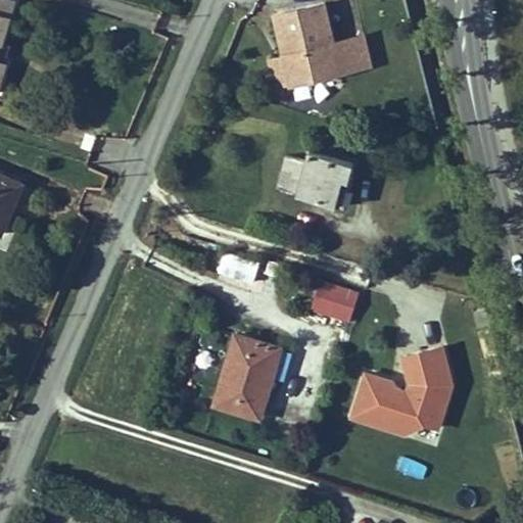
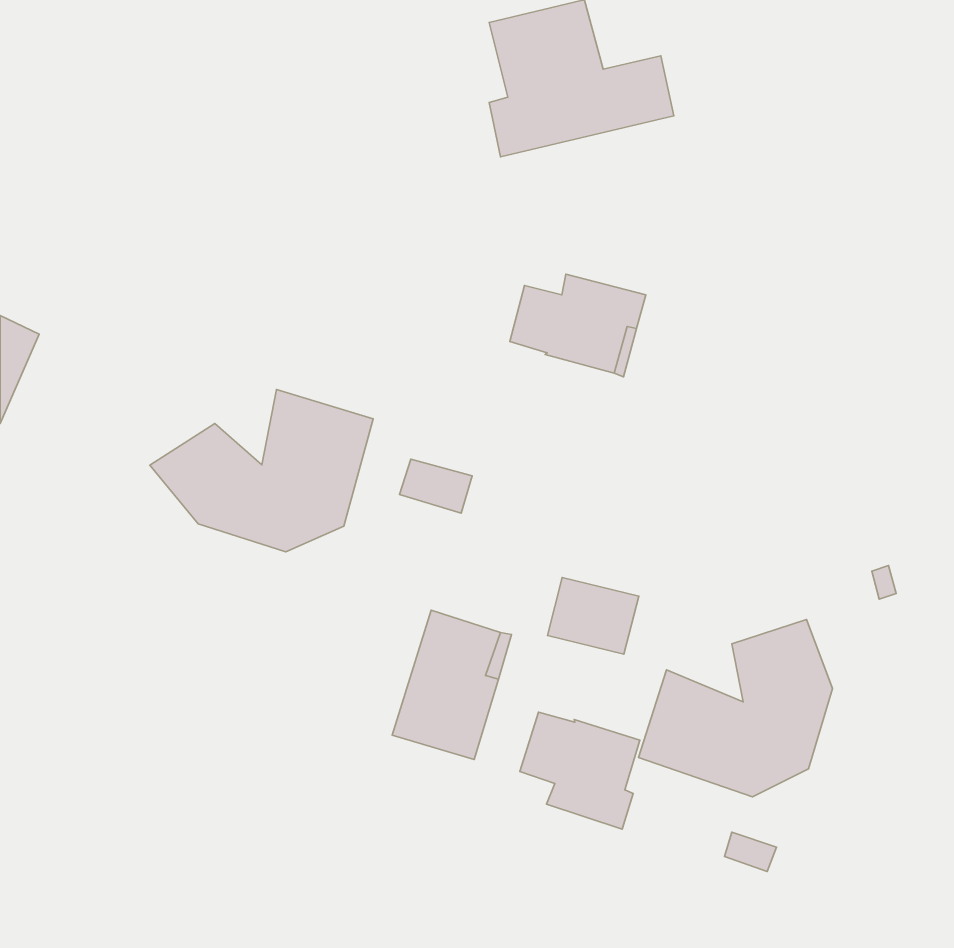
building: none -> [150,390,373,552]
building: [310,281,360,323] -> [547,578,639,654]
building: none -> [520,712,640,829]

